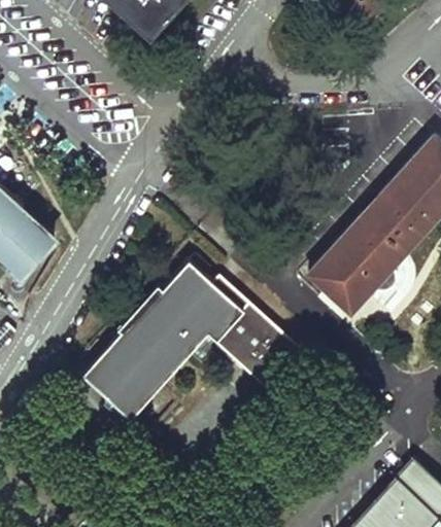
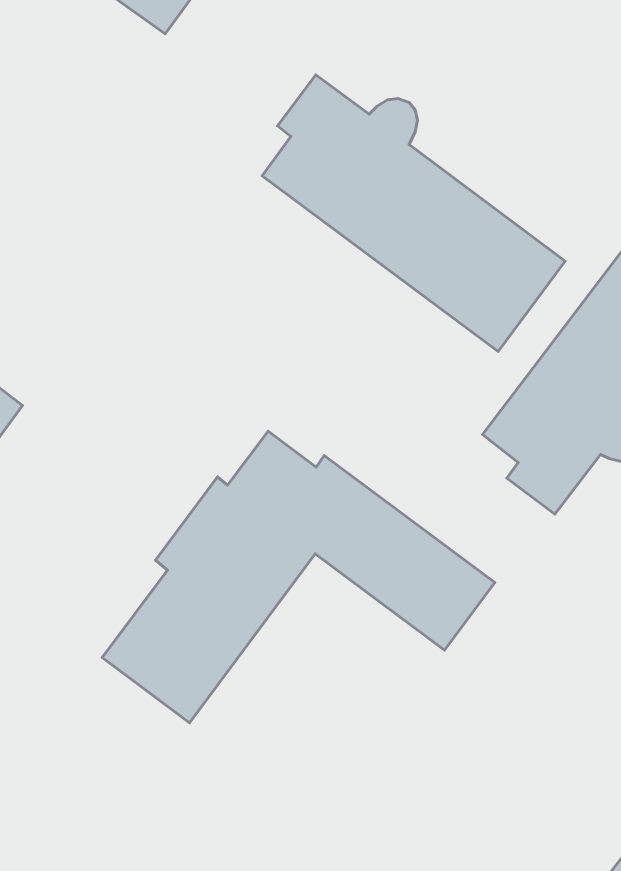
building: none -> [262,75,565,352]

